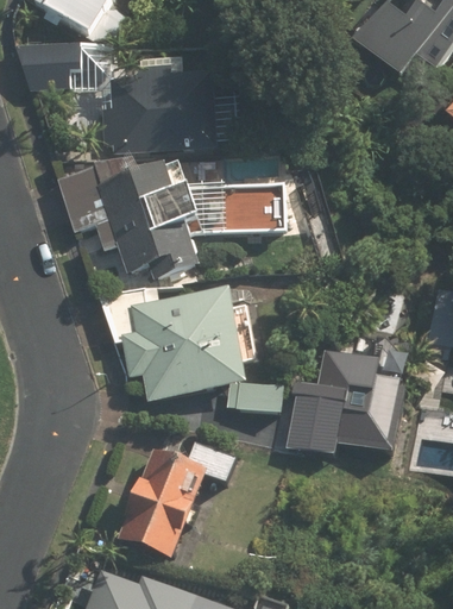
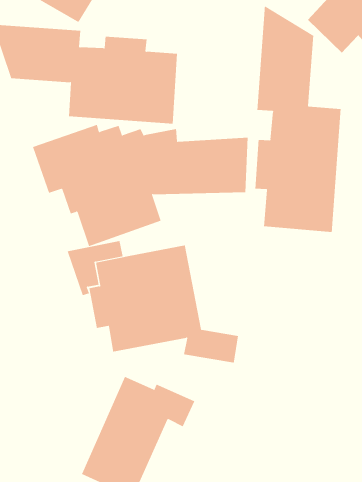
building: none -> [255,5,341,233]
building: [288,354,407,452] -> none

